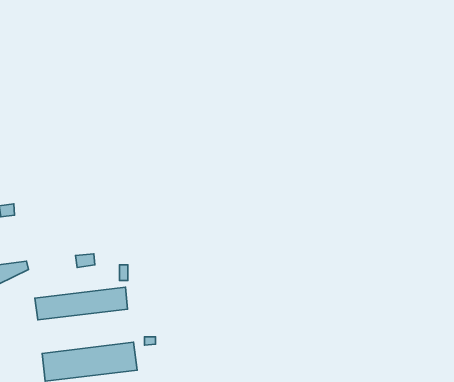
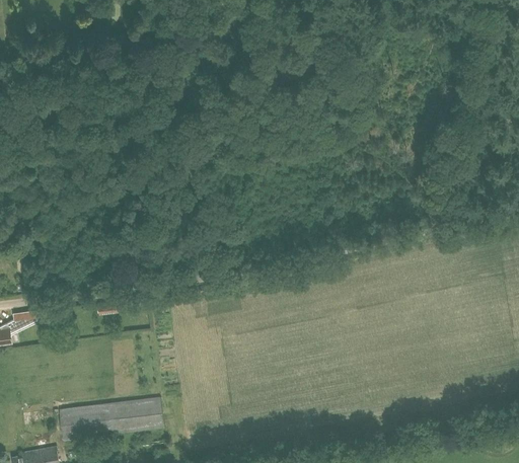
building: [35,287,128,320] -> none

